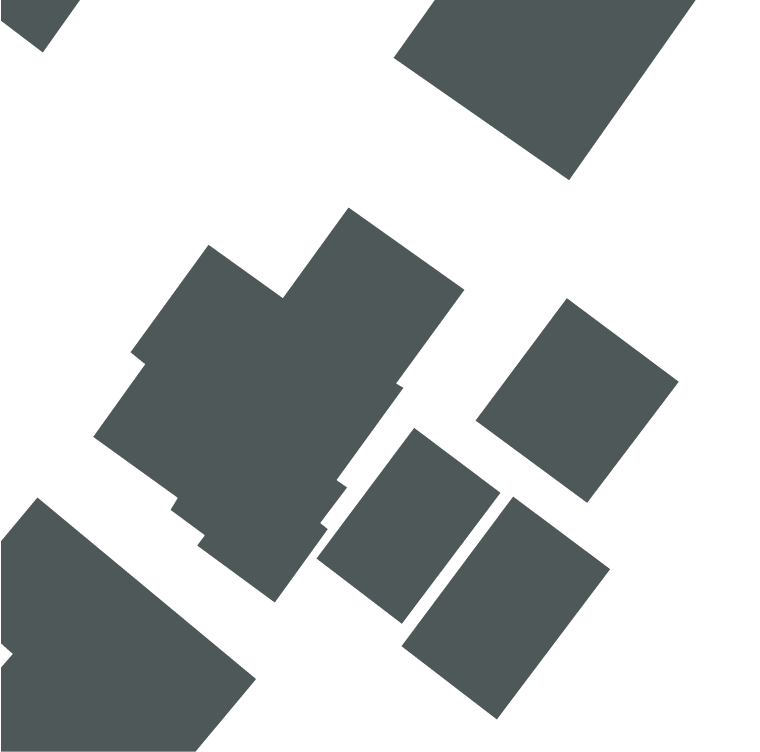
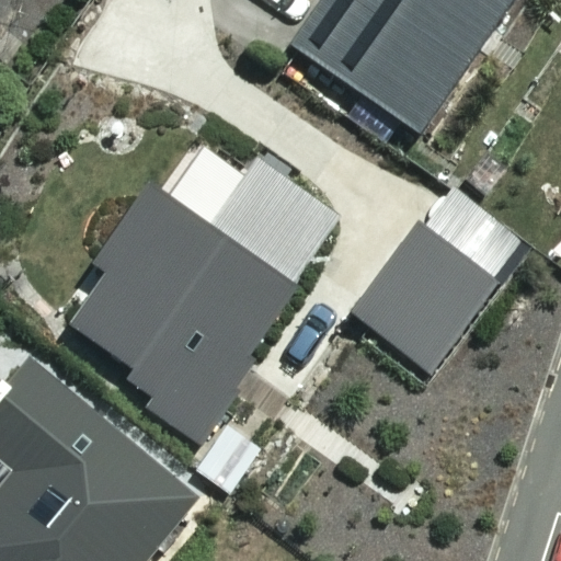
building: [316,427,502,625] -> none
building: [401,496,611,721] -> none

